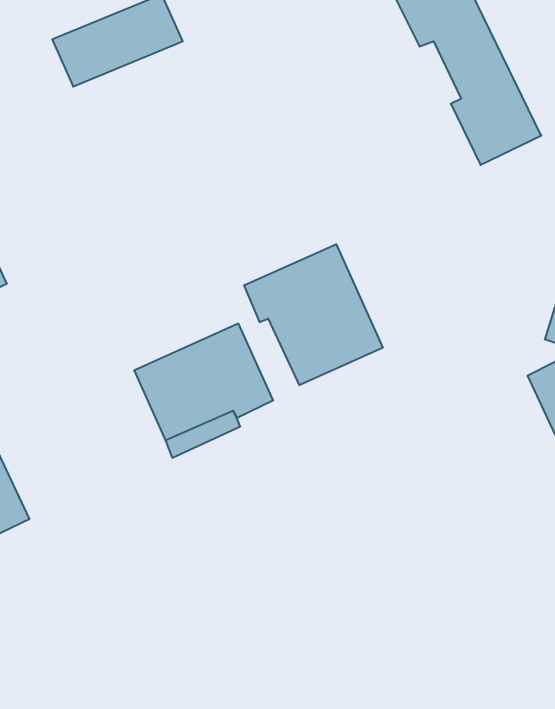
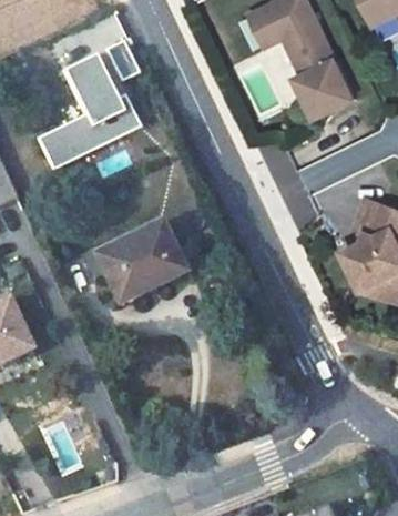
building: none -> [37,43,142,169]
building: [244,244,383,385] -> none

